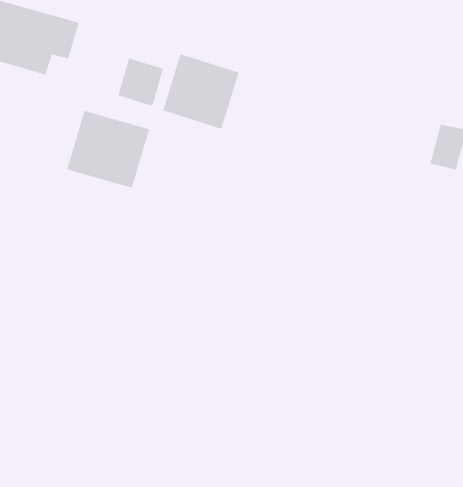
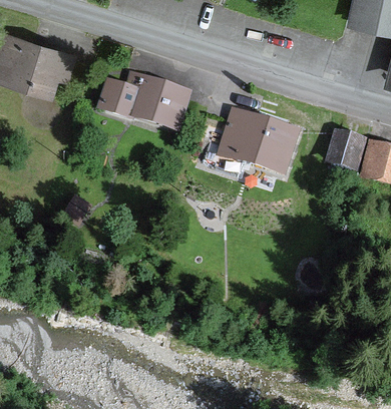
building: none -> [218,109,294,170]
building: [66,110,150,189] -> none

